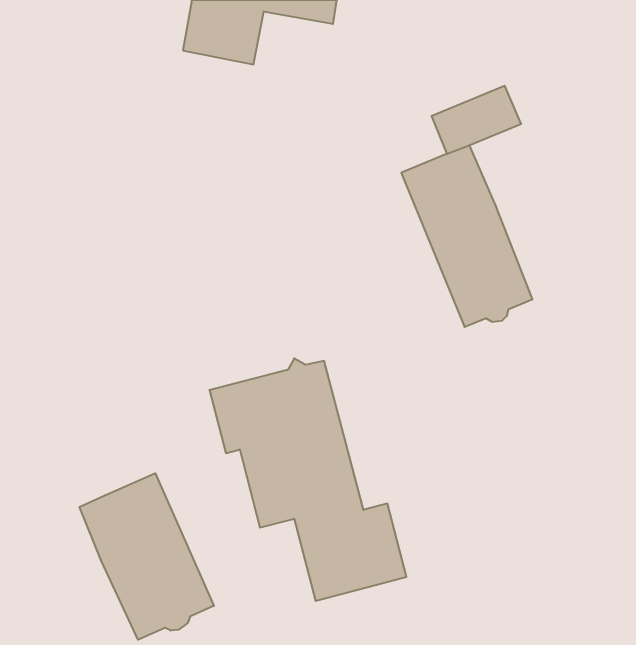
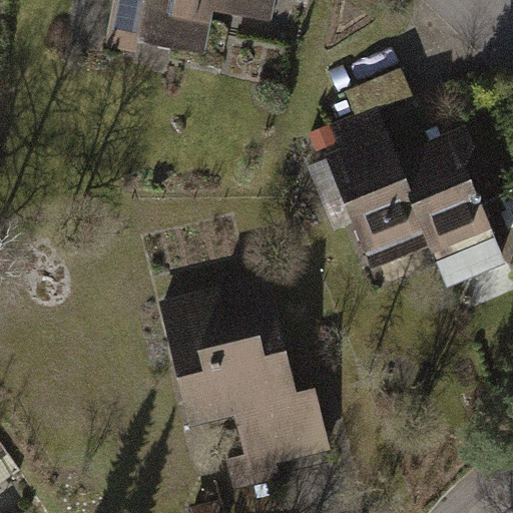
building: none -> [394,134,500,287]
building: [79,473,214,640] -> none

